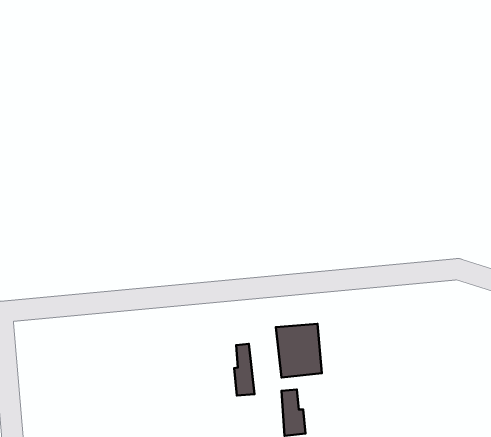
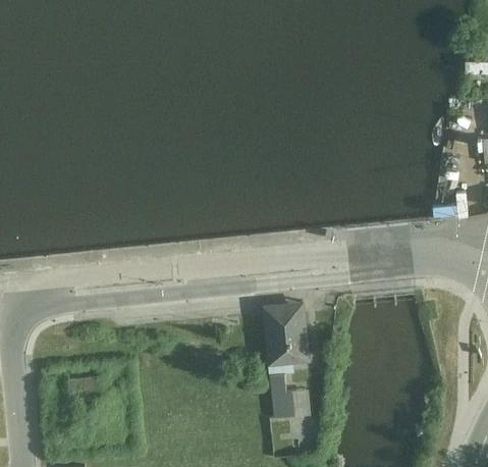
building: [234,344,254,395] -> none

